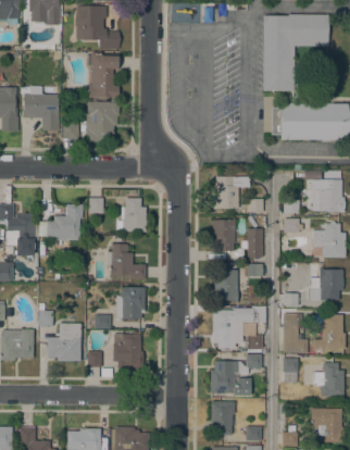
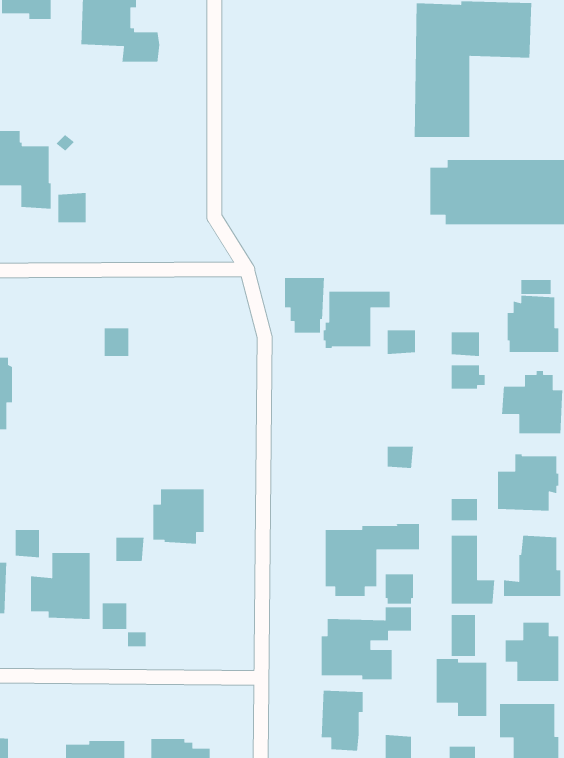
building: [87,52,120,97] -> none
building: [87,101,120,142] -> none
building: [117,197,148,232] -> none
building: [39,203,84,239] -> none
building: [213,218,236,250] -> [284,277,325,333]
building: [247,227,263,257] -> none
building: [108,242,146,278] -> none
building: [213,268,238,301] -> none
building: [113,333,143,367] -> none
building: none -> [436,658,487,717]

